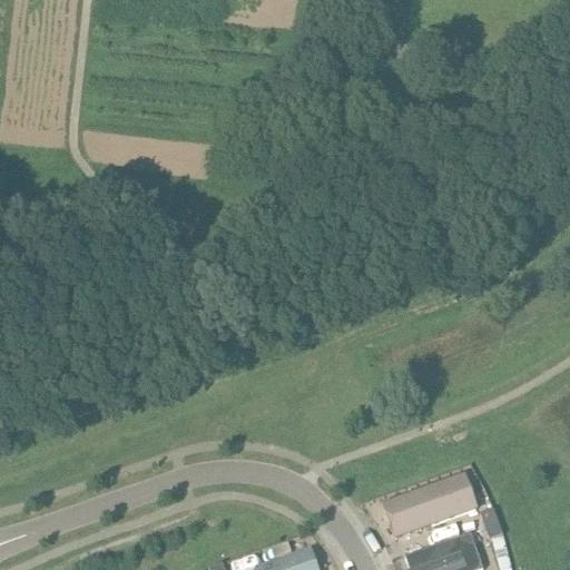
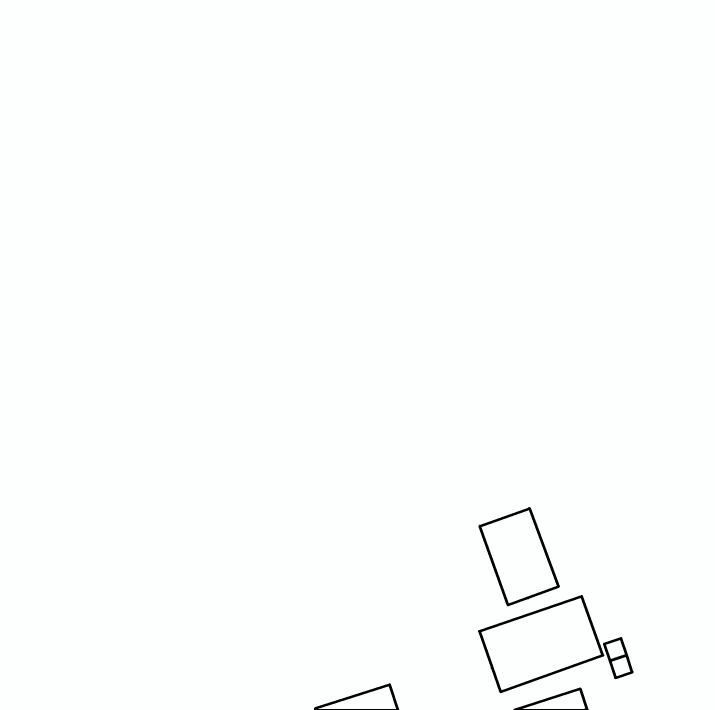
building: none -> [480,508,558,605]

